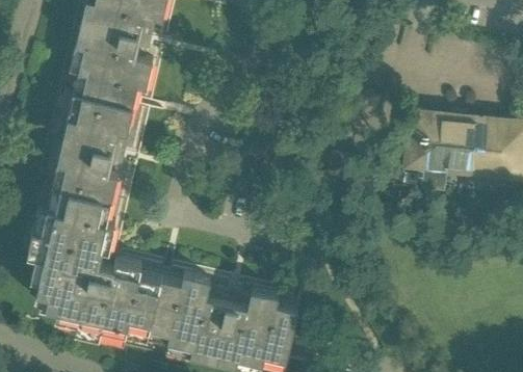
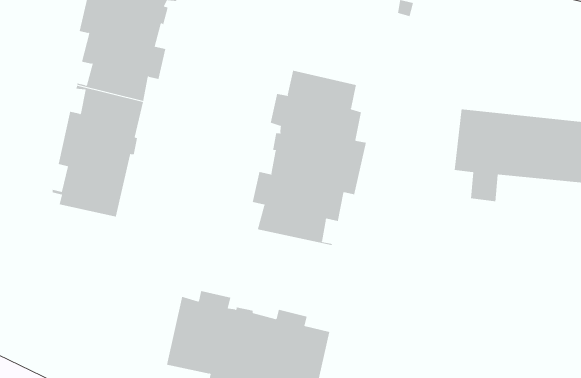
building: none -> [252,70,366,246]
building: [28,196,167,338] -> none

